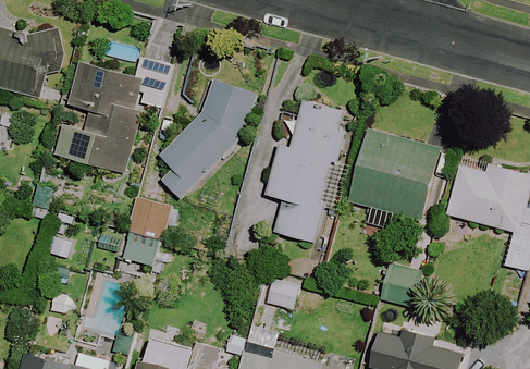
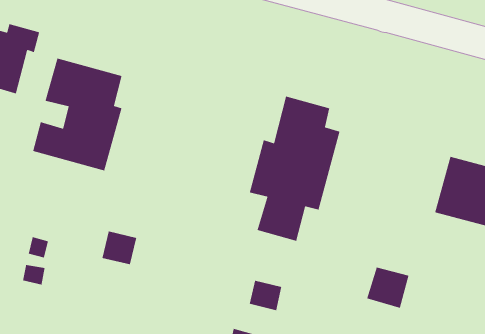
building: [160,72,254,198] -> none
building: [347,127,447,235] -> none
building: [126,198,167,238] -> none

